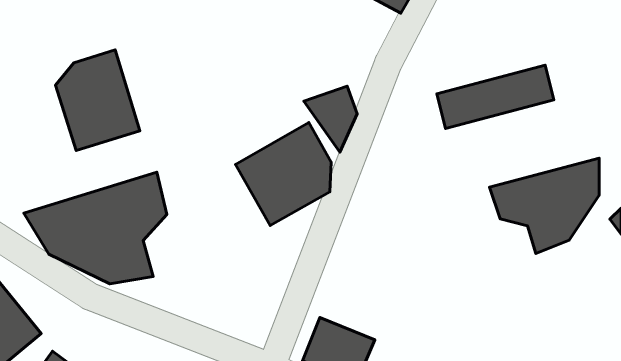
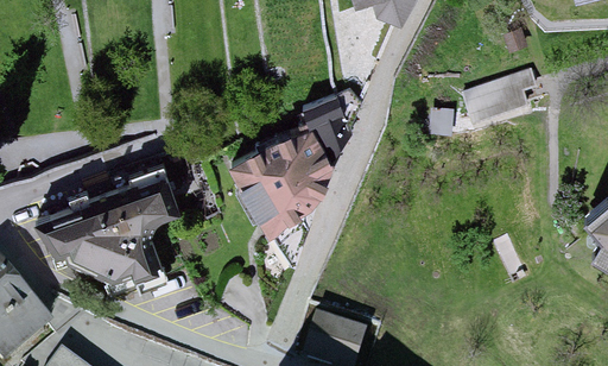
building: [56,50,140,150] -> none
building: [489,158,599,254] -> none

